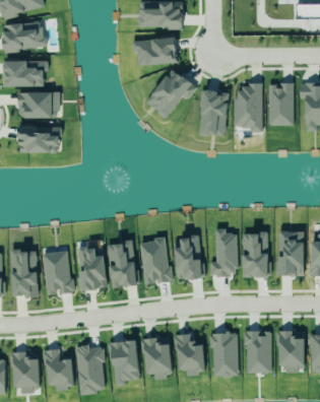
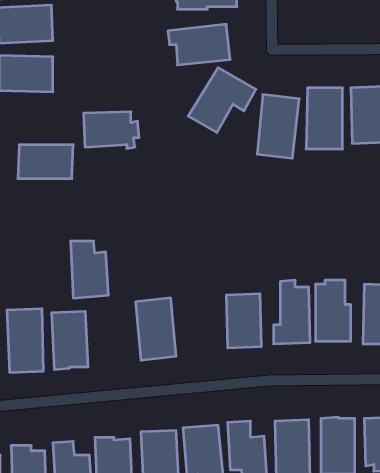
building: [15,89,57,117] -> [84,112,139,148]
building: [140,240,170,285] -> none
building: [78,248,107,290] -> [71,241,108,298]

